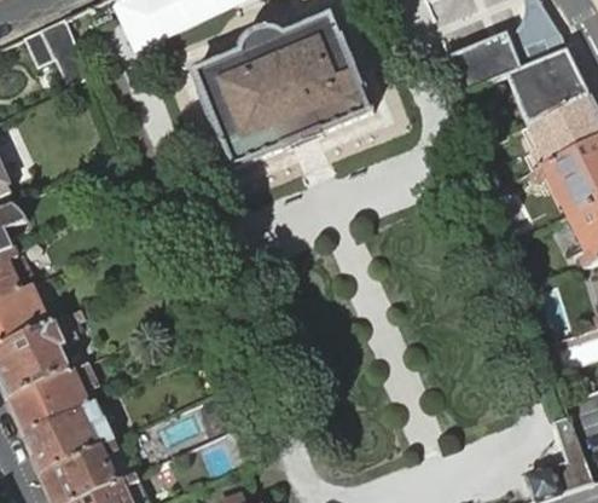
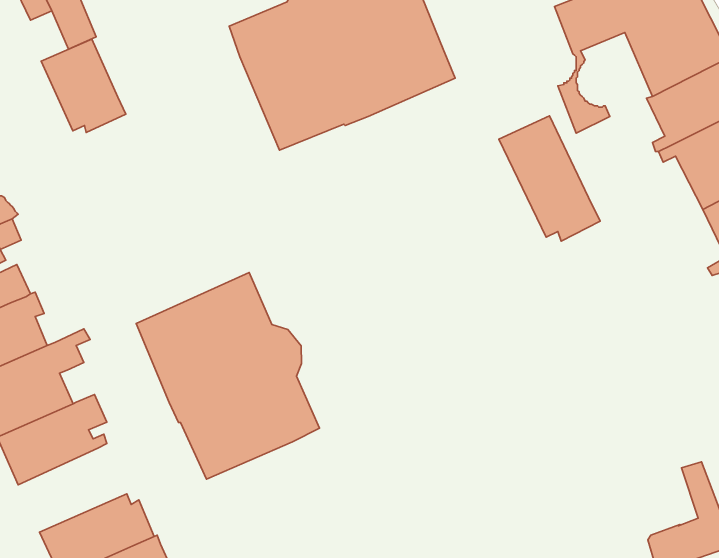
building: none -> [41,39,126,133]
building: none -> [499,116,600,241]
building: none -> [136,272,319,479]
building: [27,403,116,473] -> none

